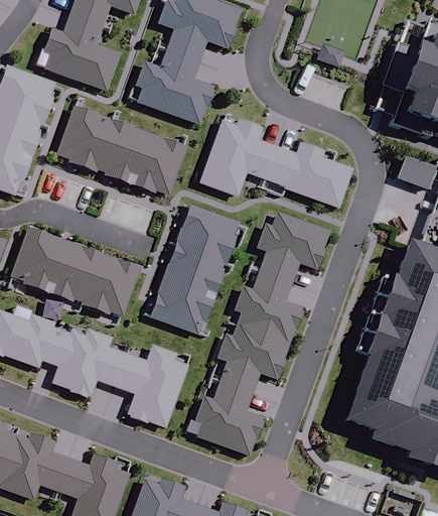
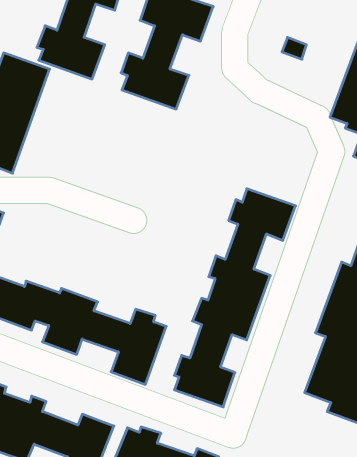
building: [53,106,178,201] -> none
building: [200,118,351,206] -> none
building: [150,204,239,332] -> none
building: [11,226,140,316] -> none

